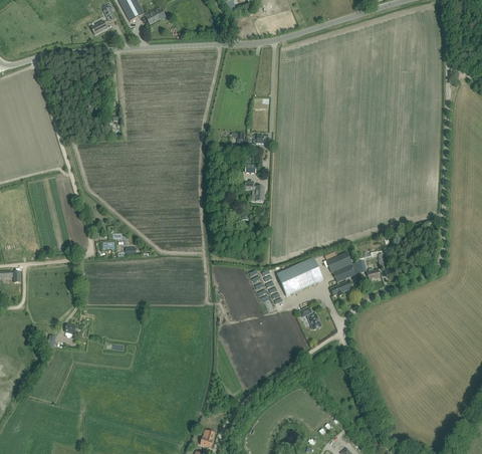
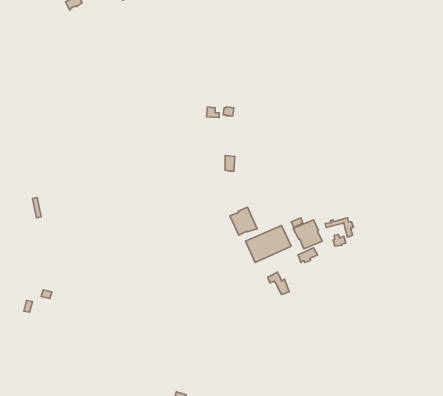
building: none -> [230,207,257,235]

